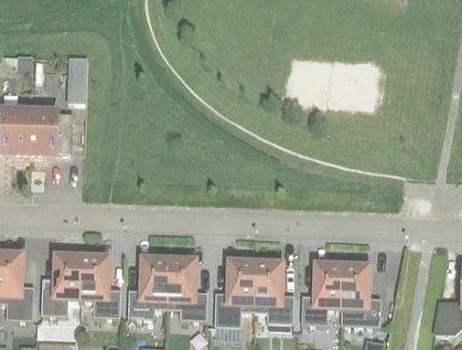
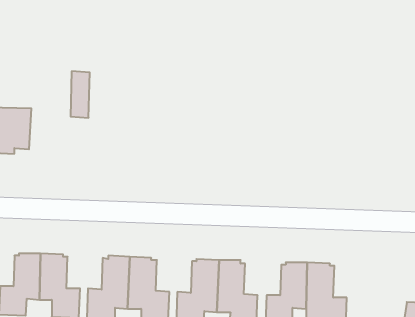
building: [67,56,86,102] -> [71,71,90,118]

